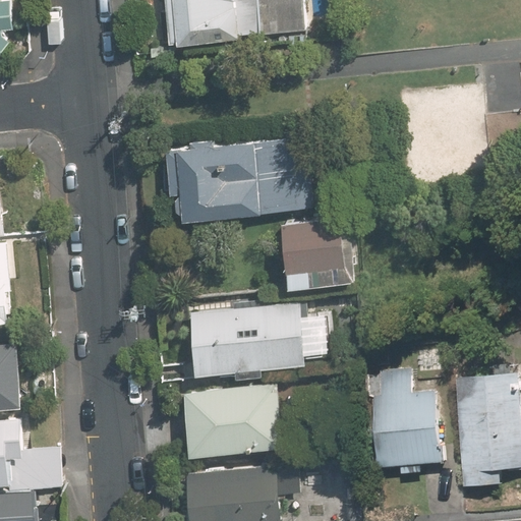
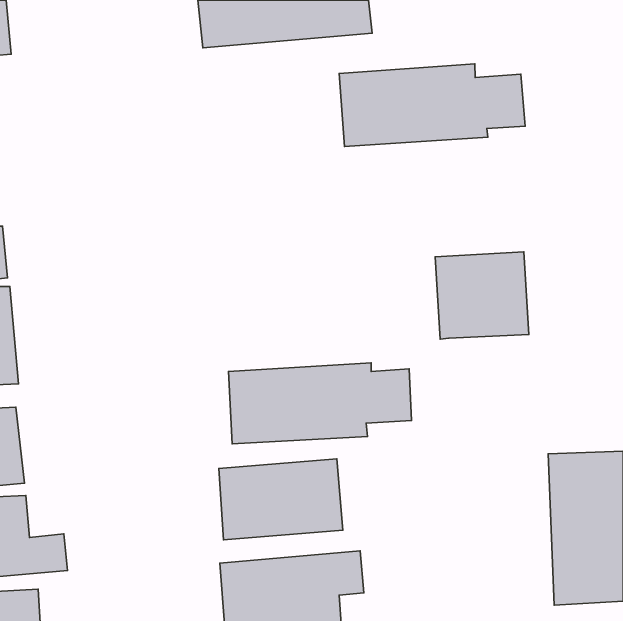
building: none -> [339,64,525,147]
building: [167,133,314,218] -> none
building: [280,216,357,288] -> [435,252,529,339]
building: [372,372,442,469] -> none

